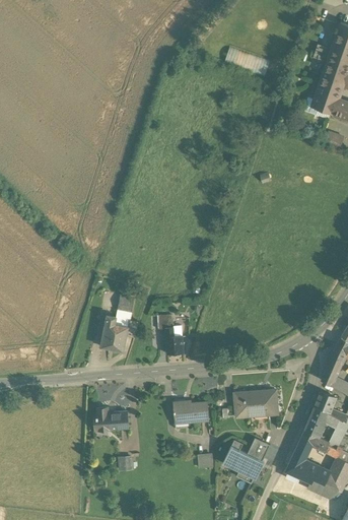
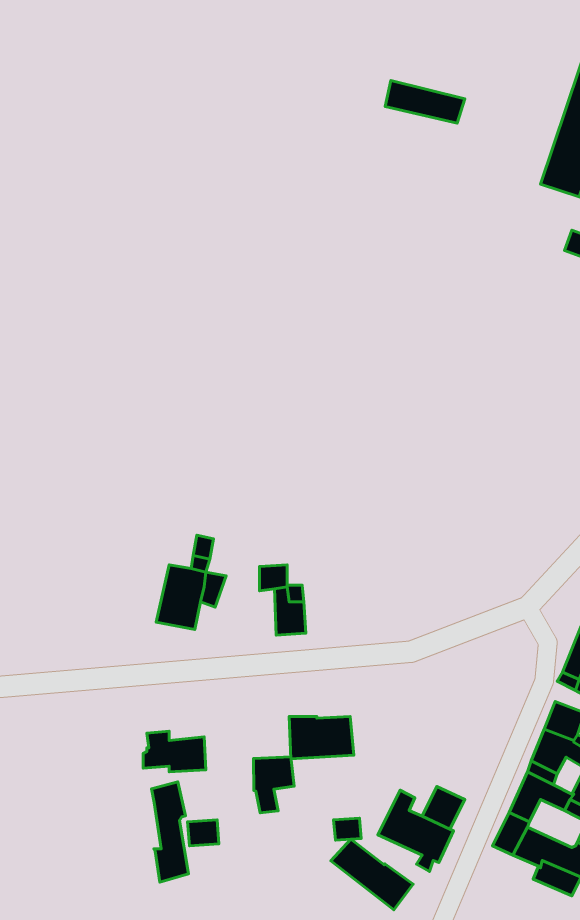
building: [235,390,278,417] -> none
building: none -> [254,757,294,813]
building: none -> [151,782,189,882]
building: none -> [331,839,413,910]

